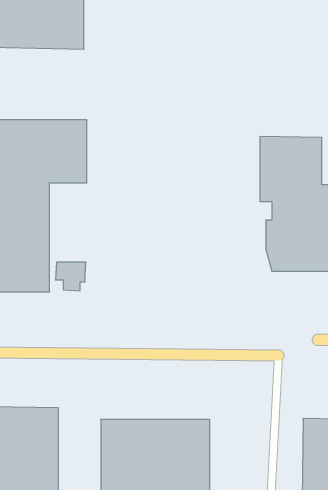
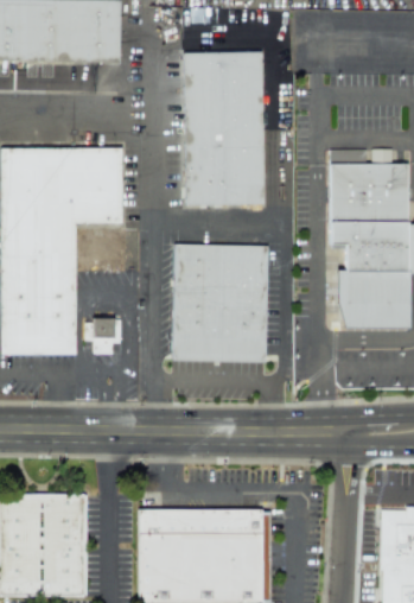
building: none -> [183,50,266,205]
building: none -> [173,243,268,361]

